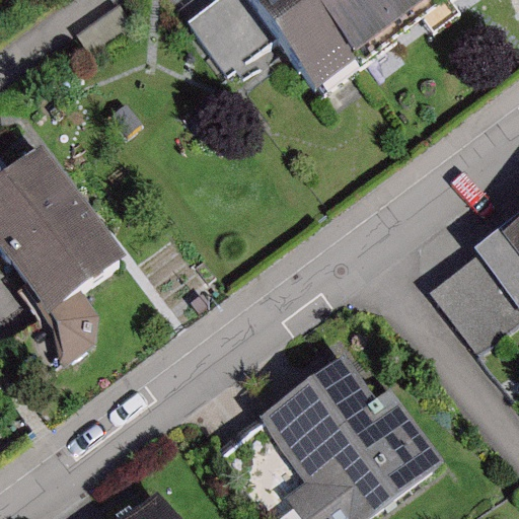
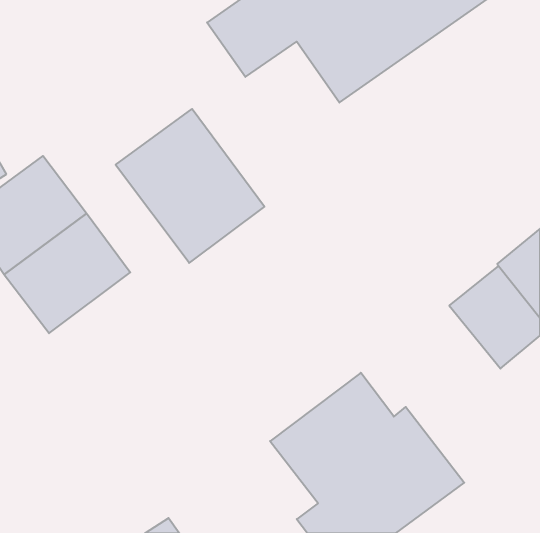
building: none -> [116,109,264,263]

